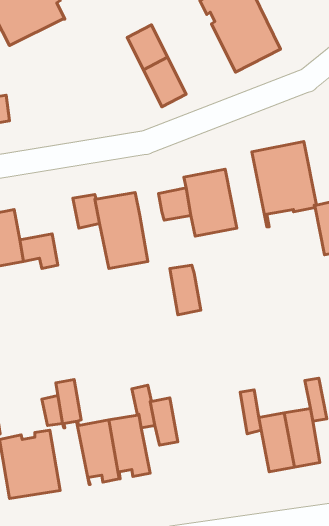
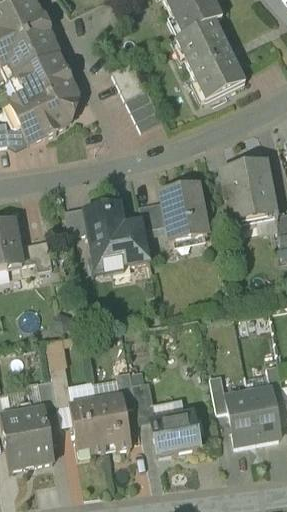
building: none -> [6,54,77,142]
building: [170,265,201,315] -> [123,221,150,264]
building: none -> [151,413,199,454]

